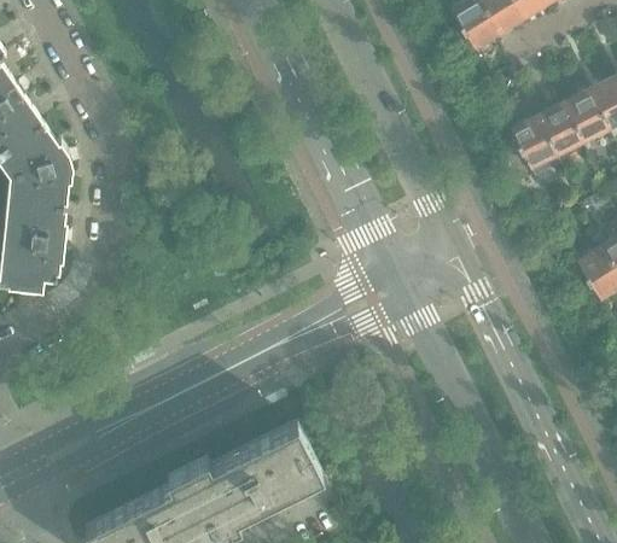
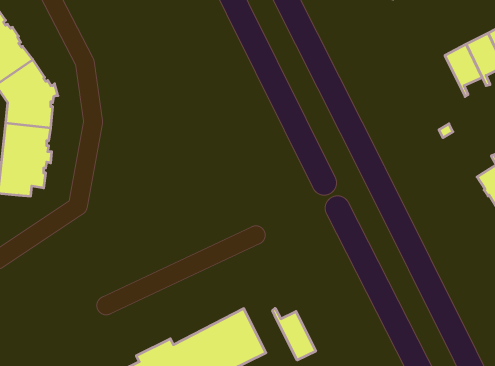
building: [510,118,561,170] -> none
building: none -> [273,308,316,360]

